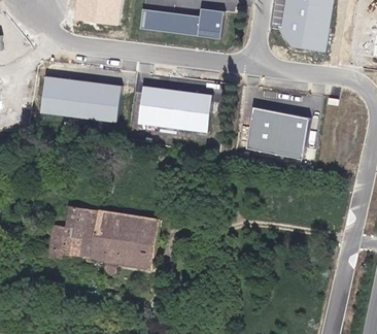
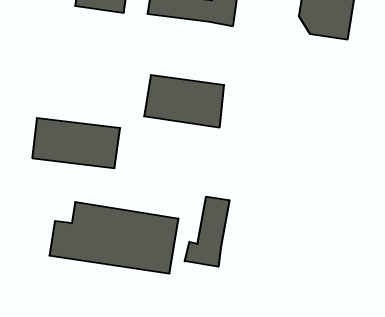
building: [40,76,122,123] -> [32,118,120,168]
building: [246,108,308,160] -> none
building: none -> [185,197,229,267]

